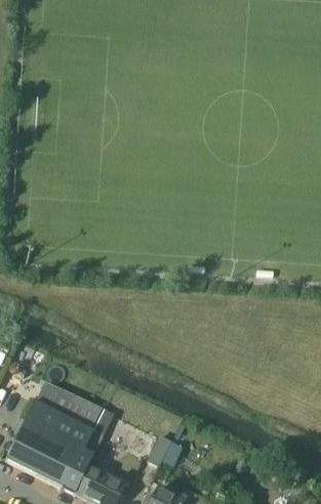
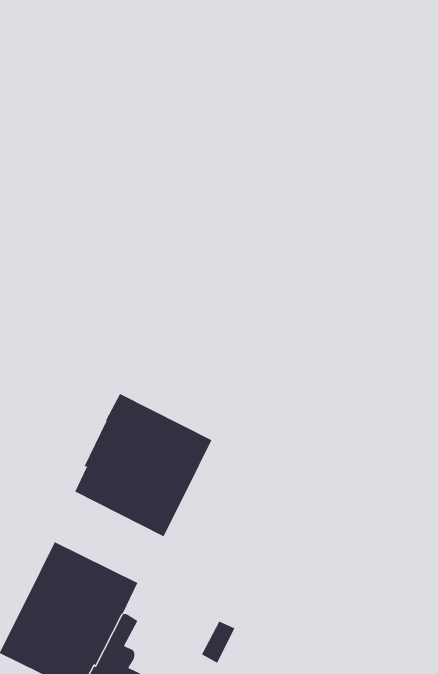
building: none -> [75,393,212,537]

